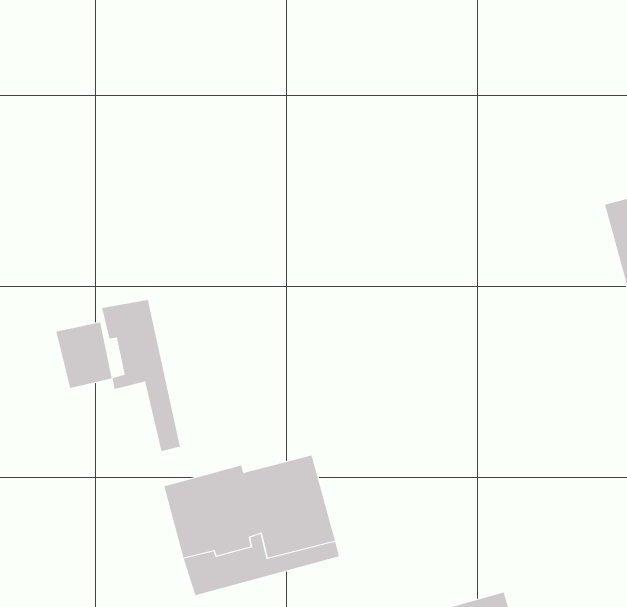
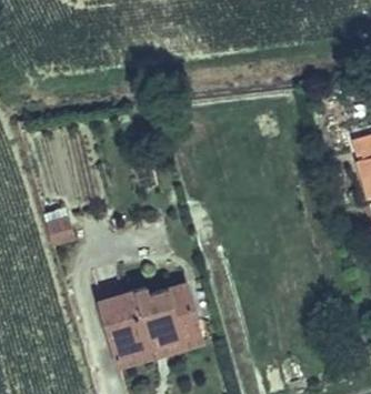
building: [101,299,180,452] -> none

